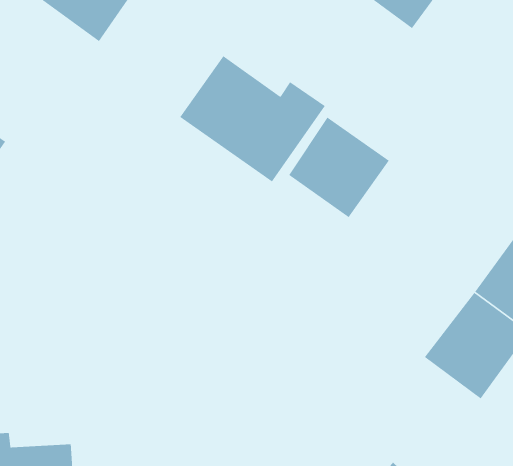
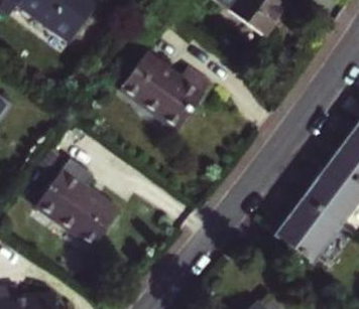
building: [288,116,390,218] -> none
building: none -> [35,158,120,247]

